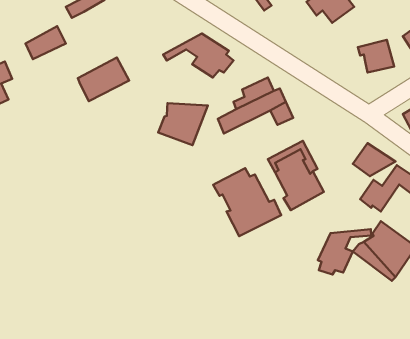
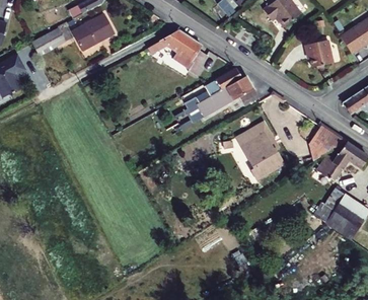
building: [78,57,129,101] -> [70,15,113,52]
building: [158,103,208,145] -> none
building: [213,168,281,236] -> none
building: [318,229,371,275] -> none

